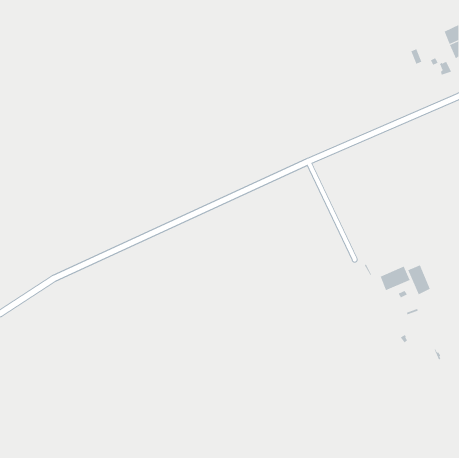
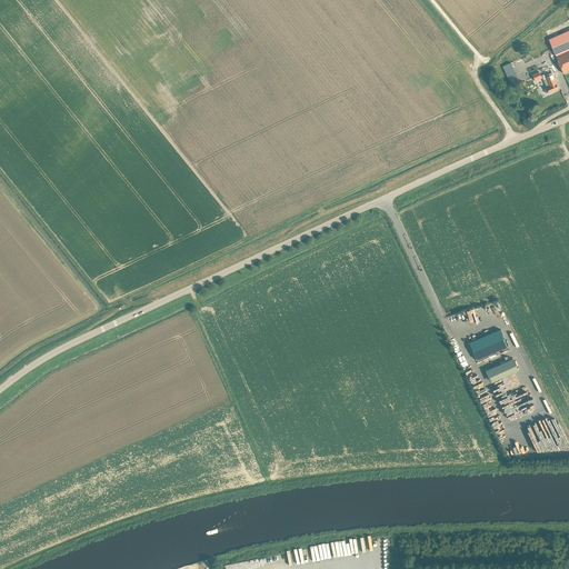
building: [408,264,431,295] -> none

